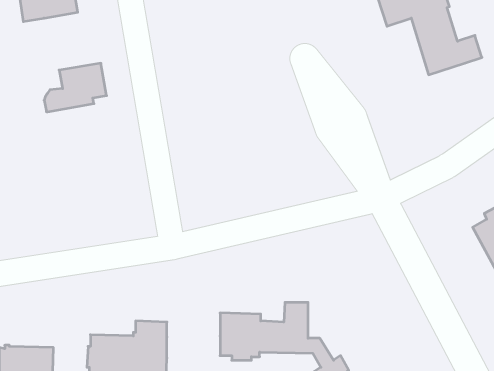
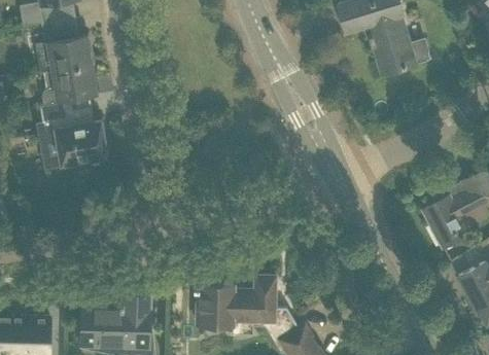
building: none -> [38,20,92,73]
building: none -> [40,101,107,167]

